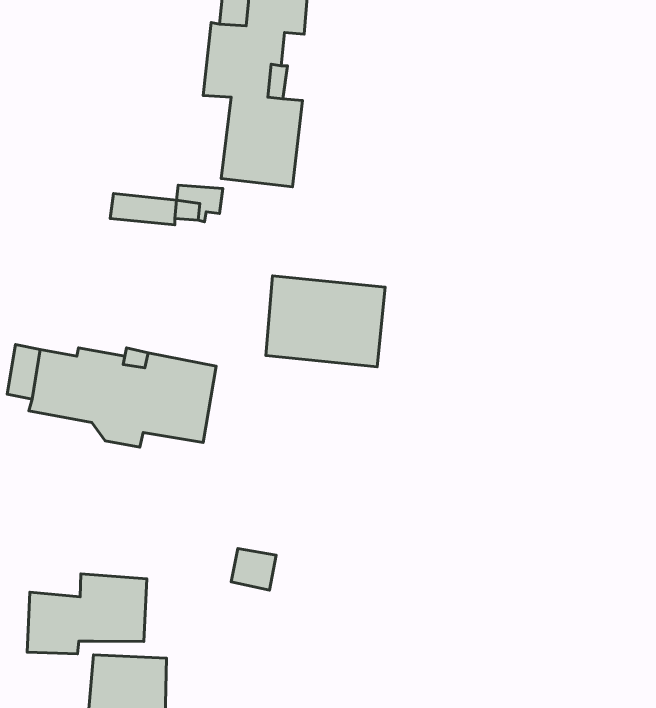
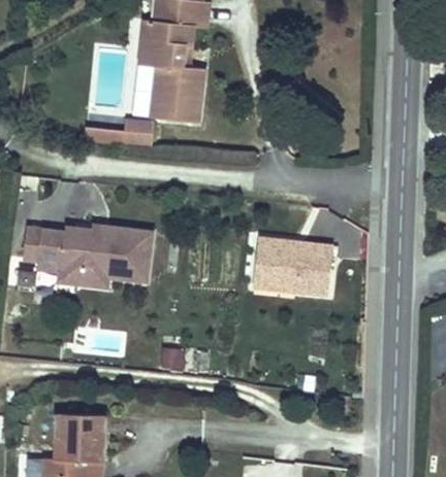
building: [266,276,385,367] -> [255,240,329,297]
building: [27,574,147,654] -> none

